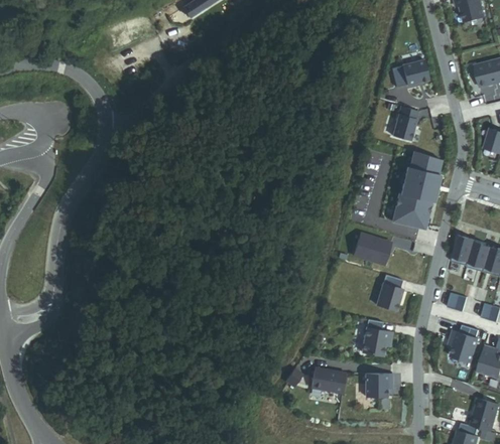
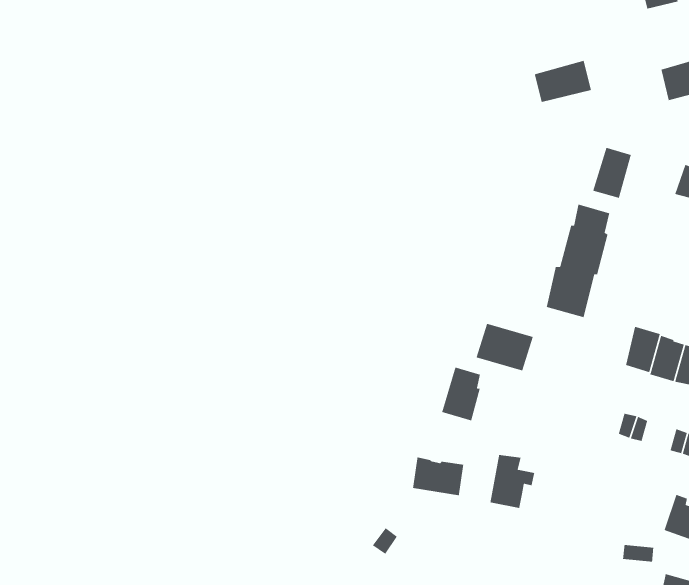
building: [392,106,418,140] -> [592,147,632,199]
building: [376,274,402,310] -> [441,367,481,422]
building: [451,324,479,361] -> none
building: [311,367,346,394] -> [412,456,464,496]
building: [365,373,392,396] -> none

